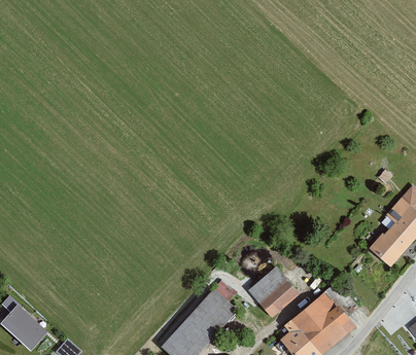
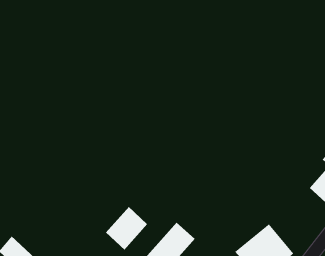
building: [249,267,300,317] -> none
building: none -> [105,206,148,250]

